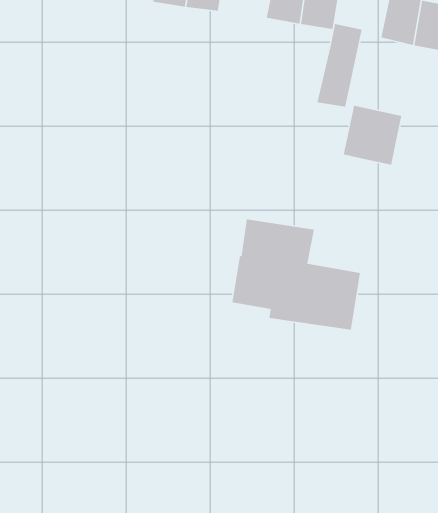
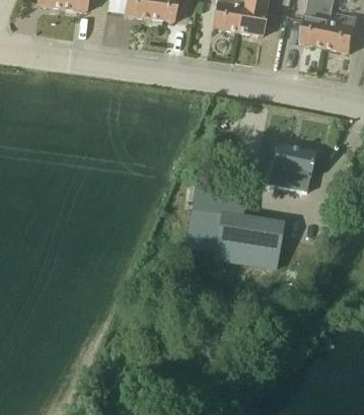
building: [317,23,362,108] -> none
building: [343,105,402,166] -> [269,145,314,192]

